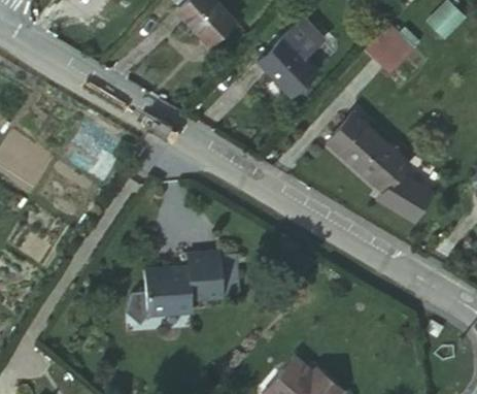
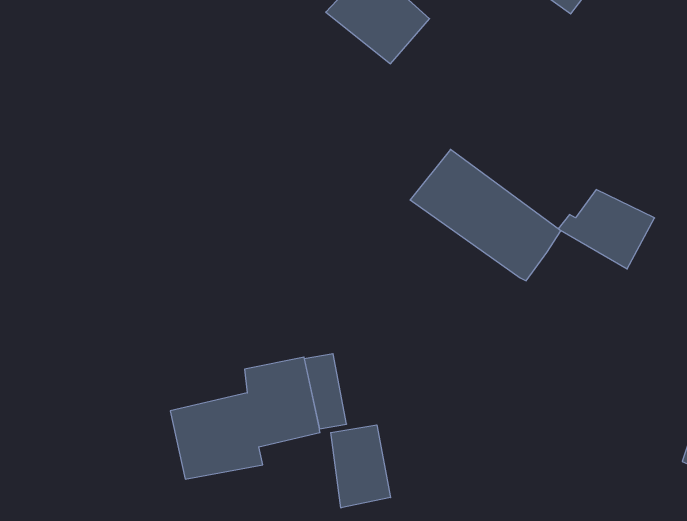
building: [322,112,405,191] -> [410,149,561,281]
building: none -> [331,425,391,508]

